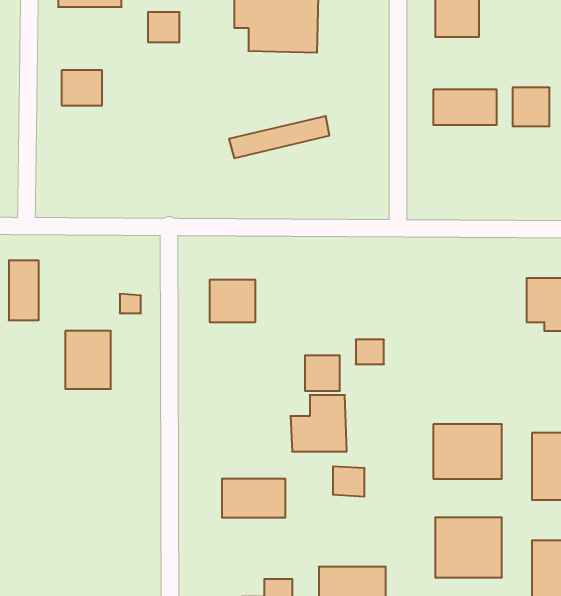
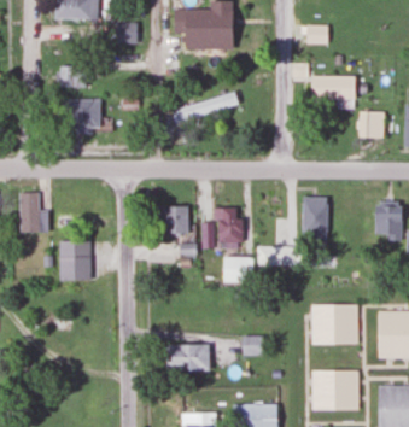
building: [513,88,550,126] -> [360,112,385,139]
building: none -> [60,100,99,134]
building: none -> [303,197,328,239]
building: [290,395,347,451] -> [203,209,241,247]

